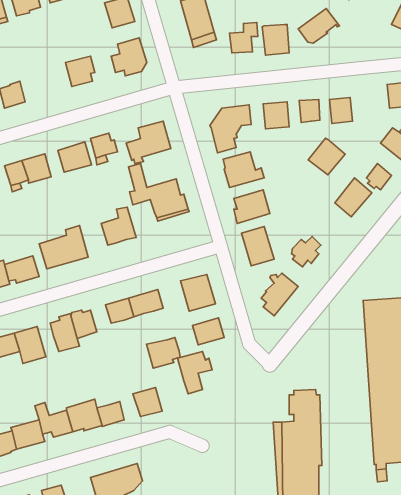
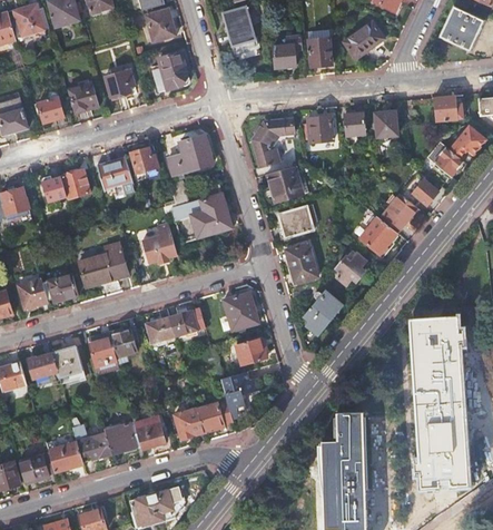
building: none -> [68,81,99,114]
building: [308,138,345,175] -> [359,217,397,255]
building: [147,338,180,368] -> [197,402,231,433]

